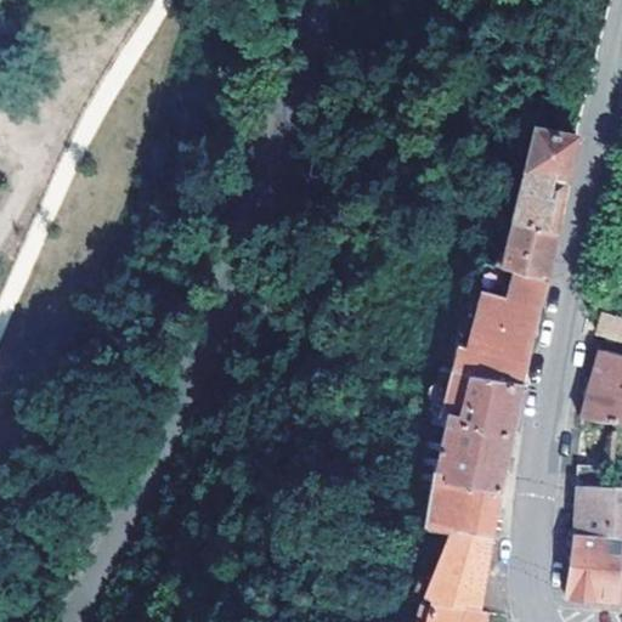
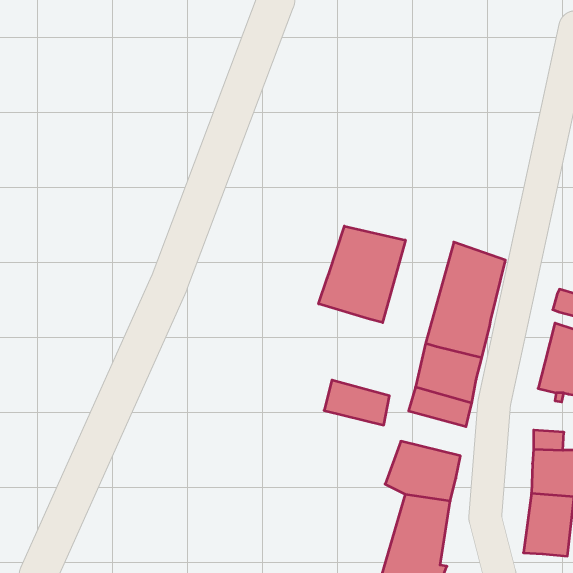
building: [492,101,577,283] -> none
building: none -> [319,226,405,323]
building: [435,446,505,494] -> [324,380,389,425]

